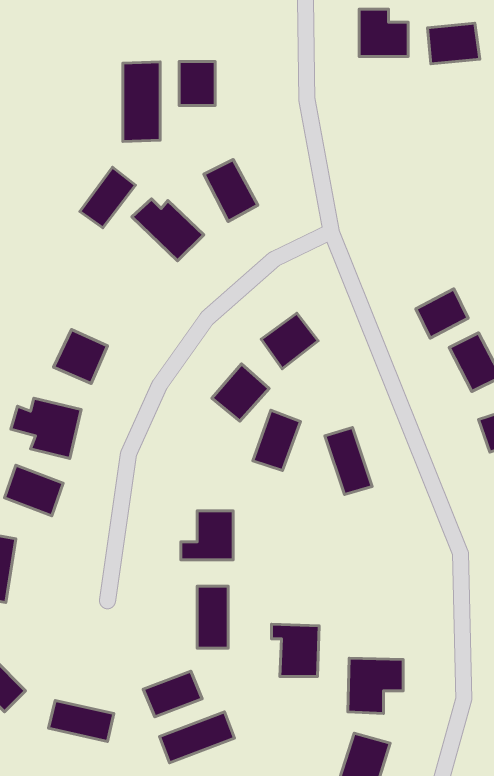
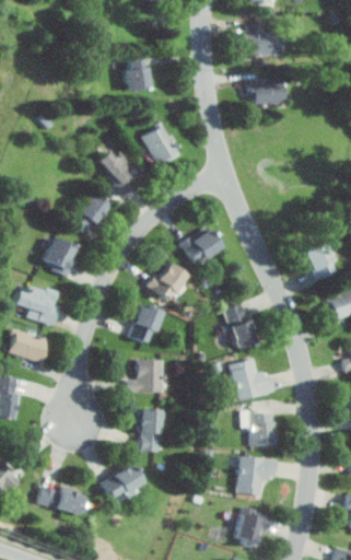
building: [427,23,480,64] -> [249,79,284,106]
building: [123,62,160,142] -> none
building: [80,167,136,228] -> [70,194,107,234]
building: [416,289,468,338] -> none
building: [253,410,300,471] -> [128,304,160,345]
building: none -> [231,359,273,400]
building: [272,624,319,677] -> [245,411,277,446]
building: [160,712,235,763] -> none

